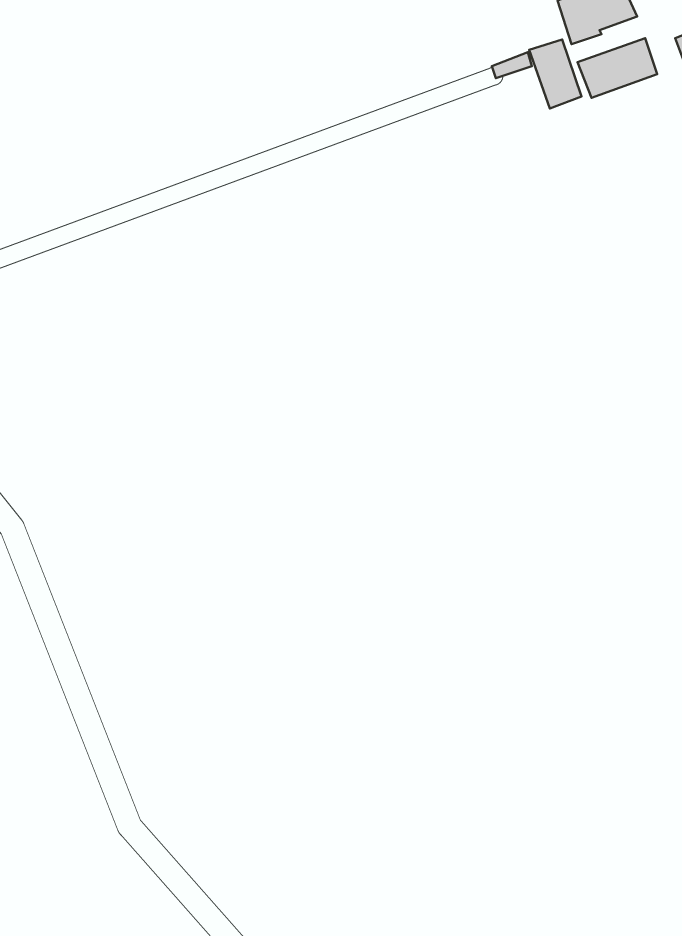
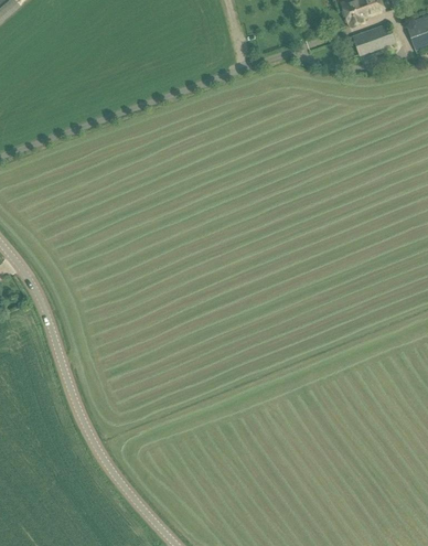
building: [529,39,582,108] -> none

